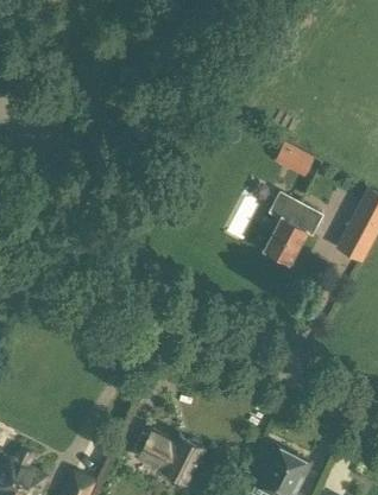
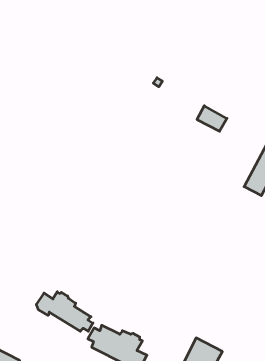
building: [264,195,323,265] -> none
building: none -> [36,292,93,331]

